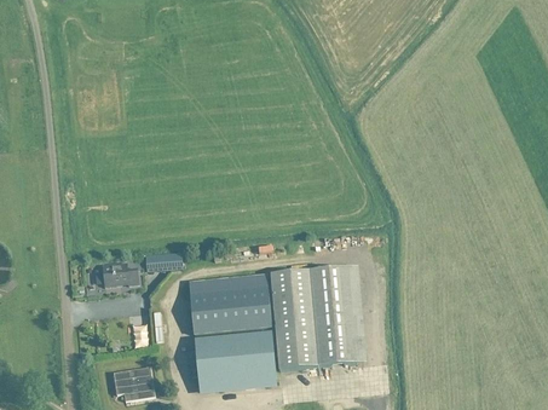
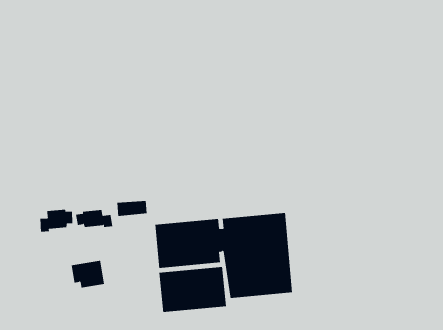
building: none -> [40,209,73,233]
building: [113,366,154,400] -> [71,260,105,288]

